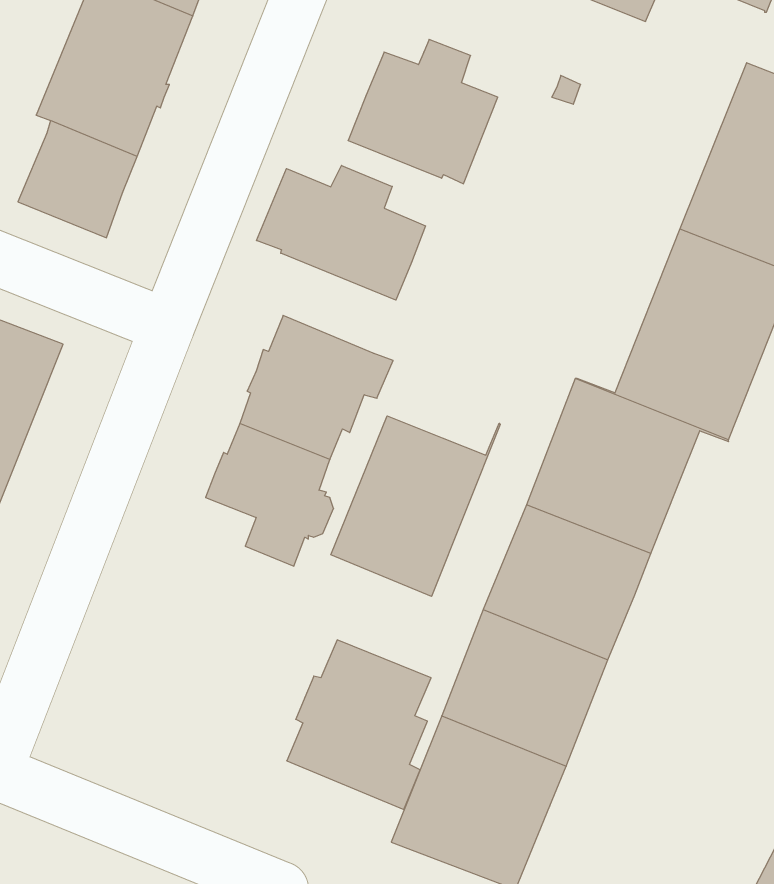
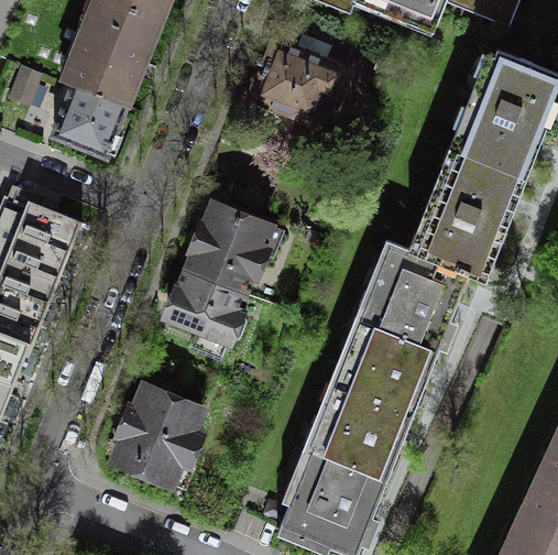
building: [257,165,425,300] -> none
building: [331,416,500,596] -> none
building: [287,640,431,809] -> [111,384,199,488]

